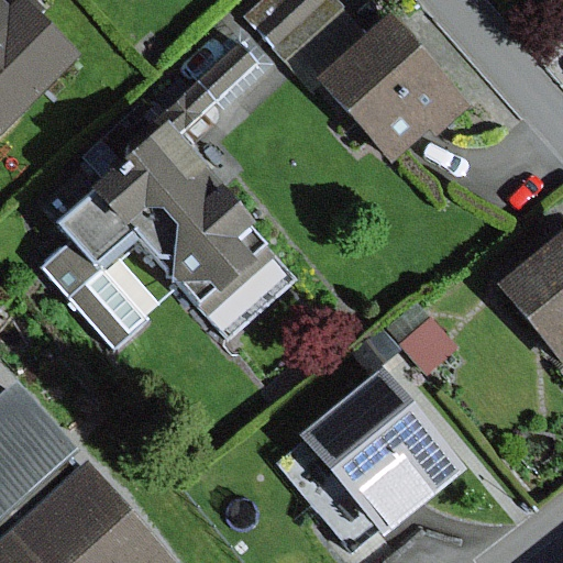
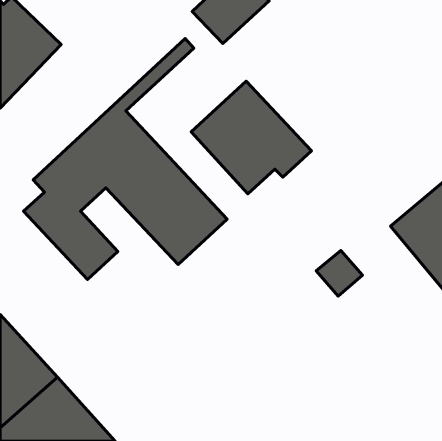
building: [321,16,473,158] -> [191,81,312,194]
building: [298,366,466,539] -> none

